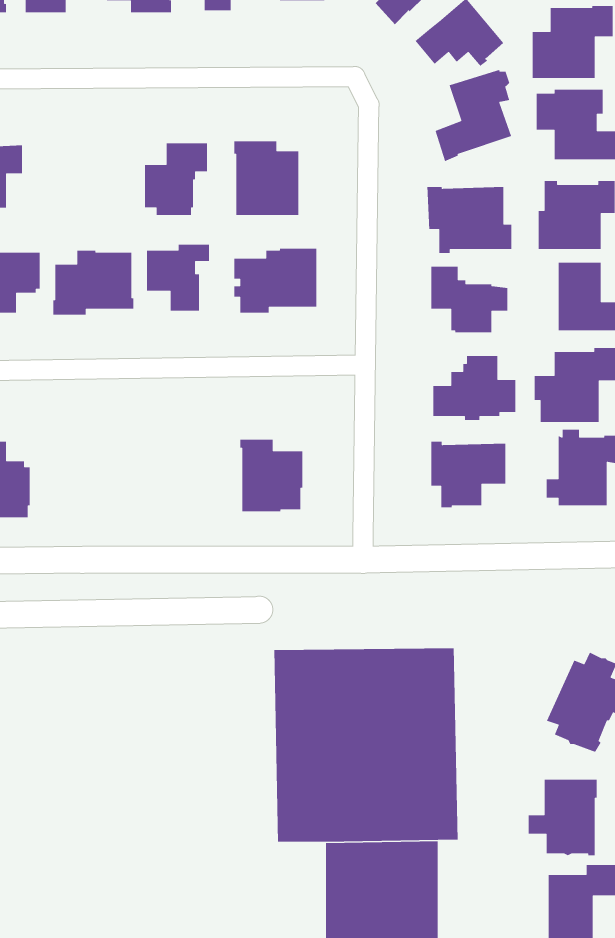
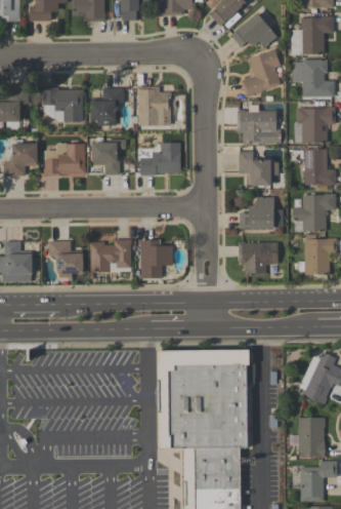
building: none -> [43,87,84,121]
building: none -> [89,239,131,272]
building: none -> [49,241,84,277]

